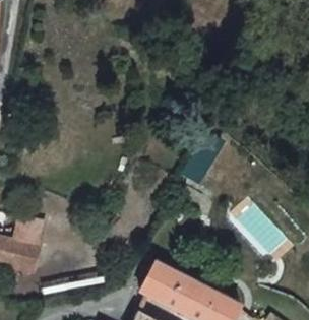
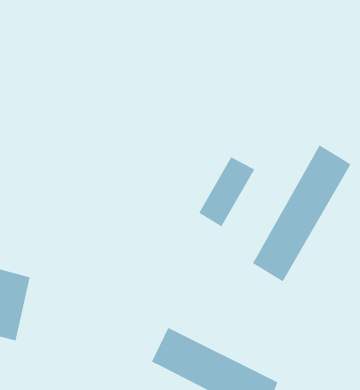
building: none -> [252,145,351,282]

